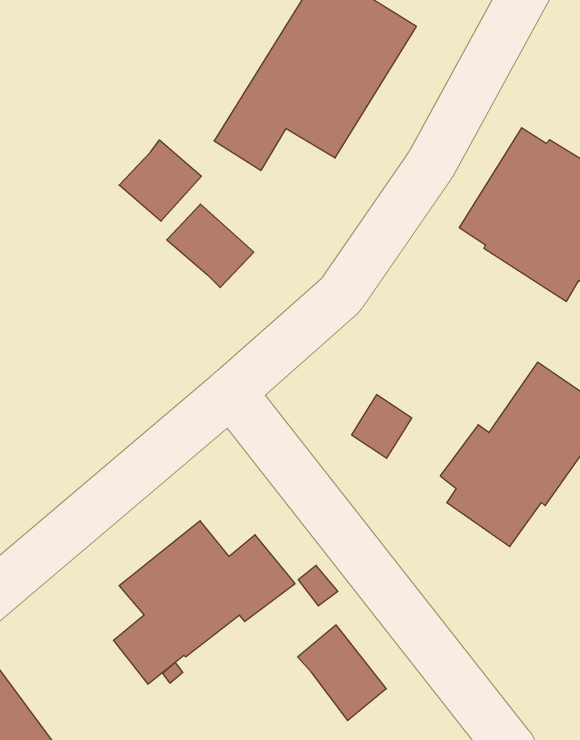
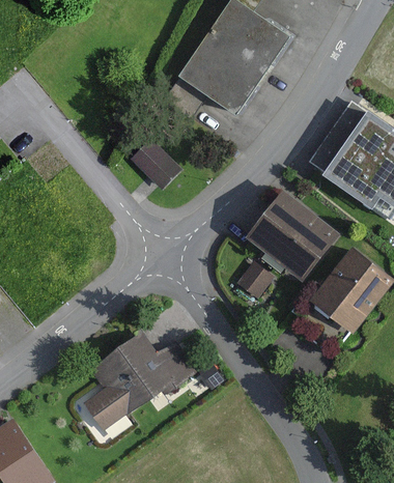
building: [119,140,201,221] -> none
building: none -> [245,189,341,282]
building: [298,625,386,721] -> none

